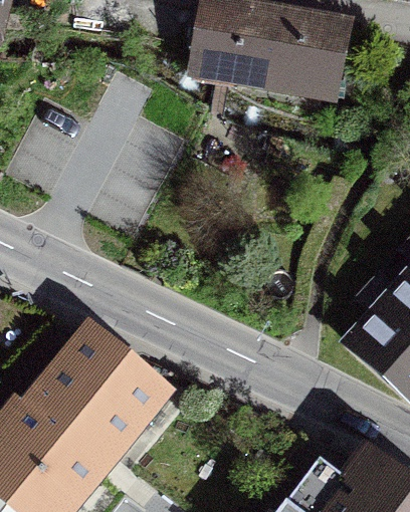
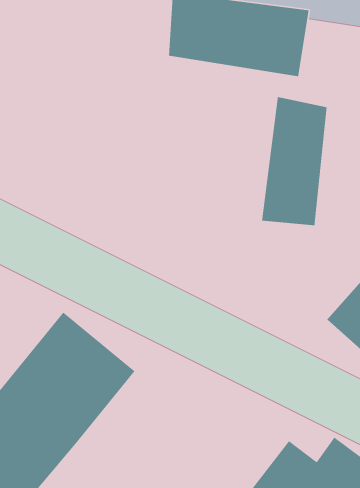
building: none -> [261,96,328,226]

